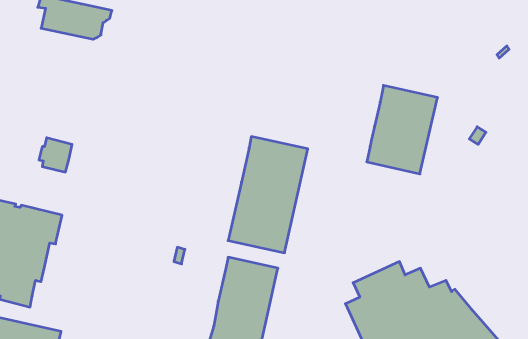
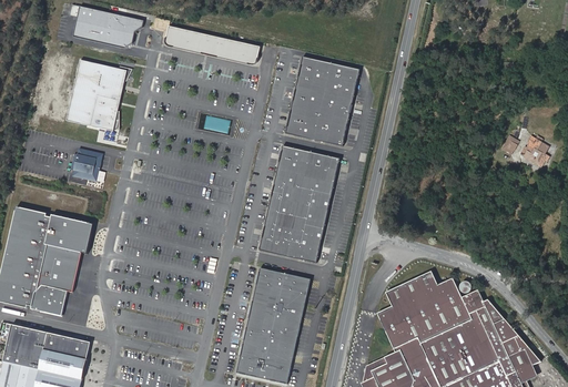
building: none -> [162,22,264,67]
building: none -> [67,60,125,130]
building: [367,85,438,174] -> [287,55,358,144]
building: none -> [523,134,548,166]

